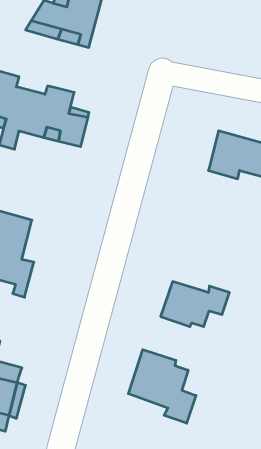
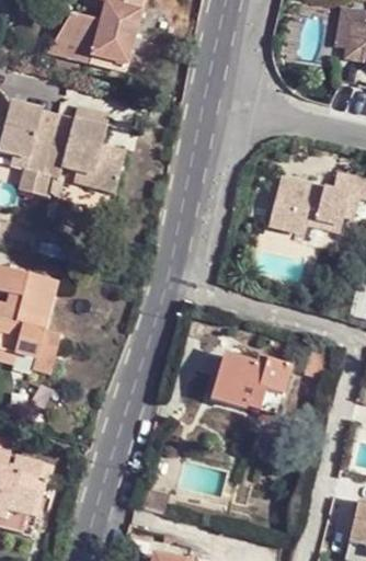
building: [128,350,196,423] -> none

